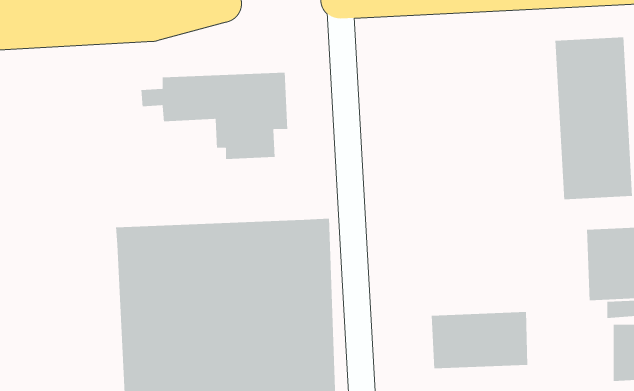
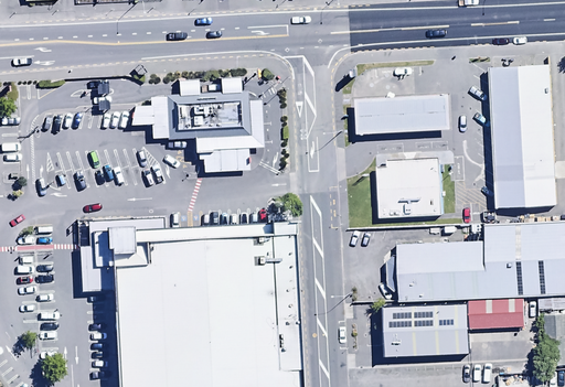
building: none -> [355,94,448,135]
building: none -> [377,155,444,216]
building: none -> [398,228,518,301]
building: none -> [470,302,525,333]

